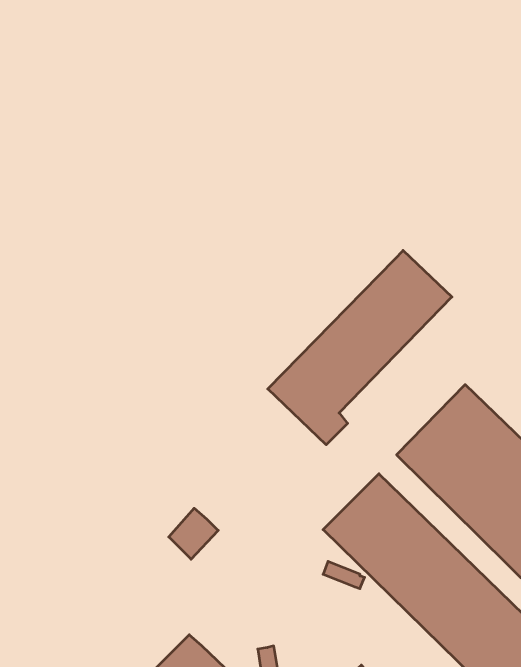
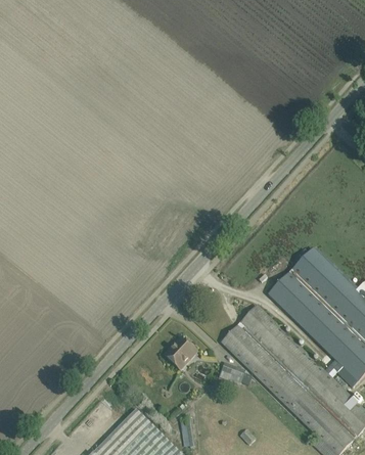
building: [268,250,452,445] -> none
building: [169,508,218,559] -> [165,337,196,370]

